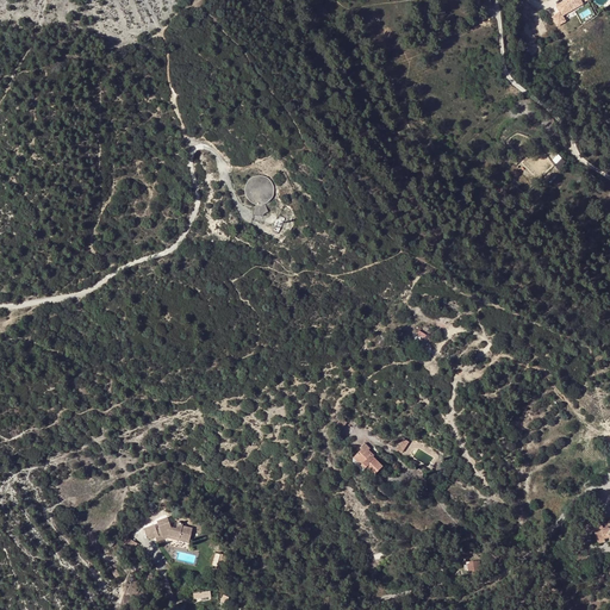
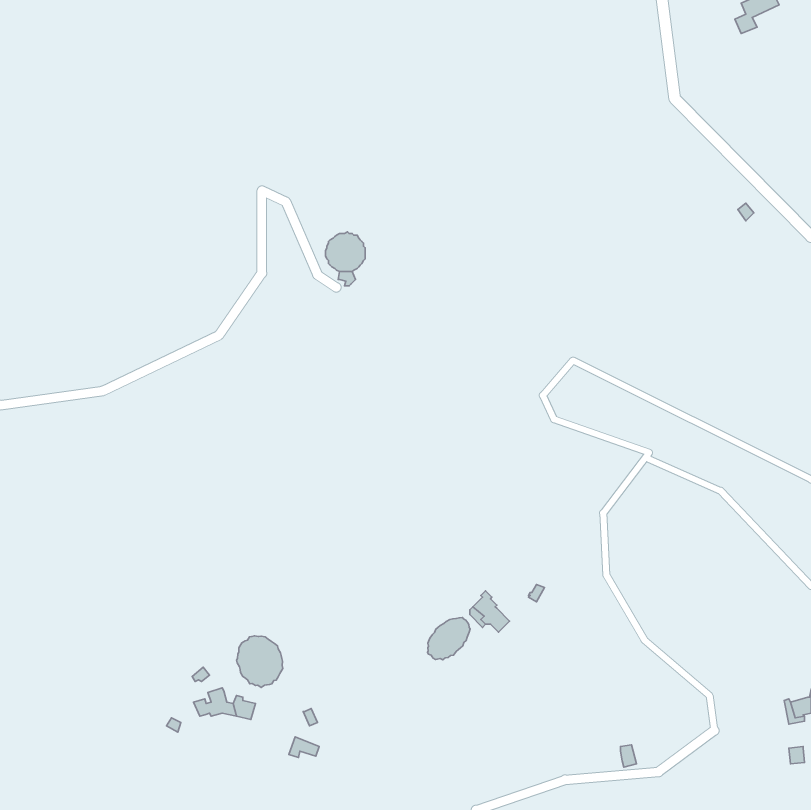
building: none -> [428,617,470,660]
building: none -> [237,636,283,687]

